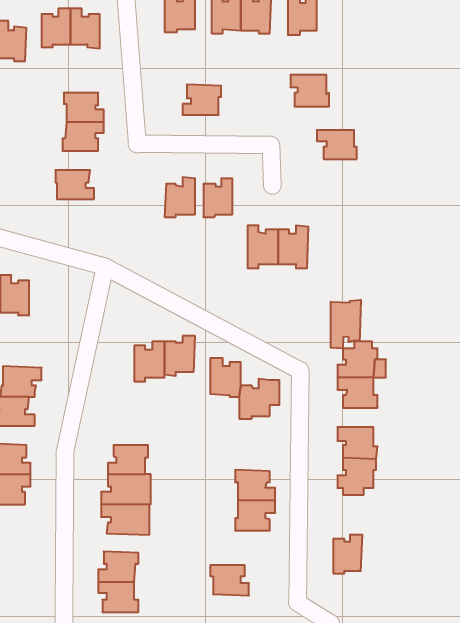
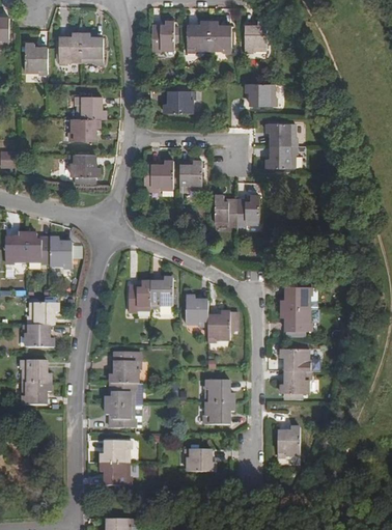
building: none -> [264,145,295,168]
building: none -> [49,236,72,268]
building: [331,300,361,348] -> none

